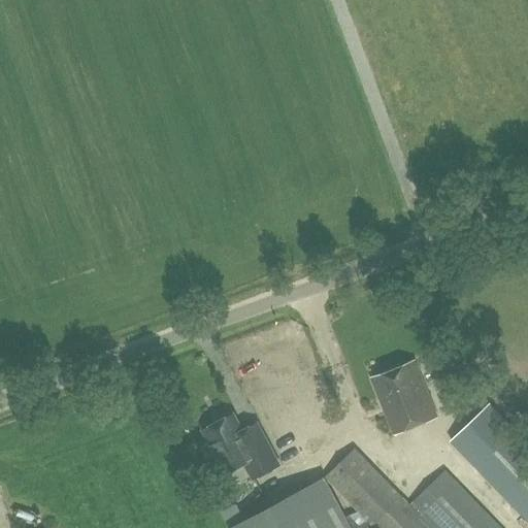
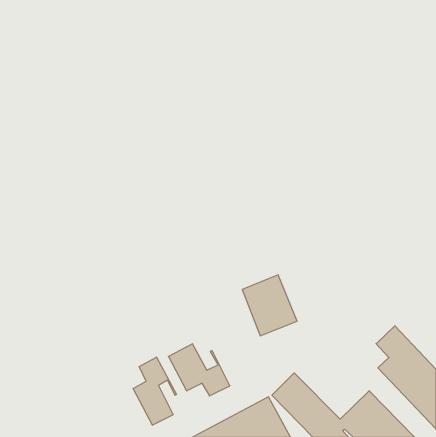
building: [371,361,437,434] -> [242,275,297,336]
building: none -> [133,357,177,425]

